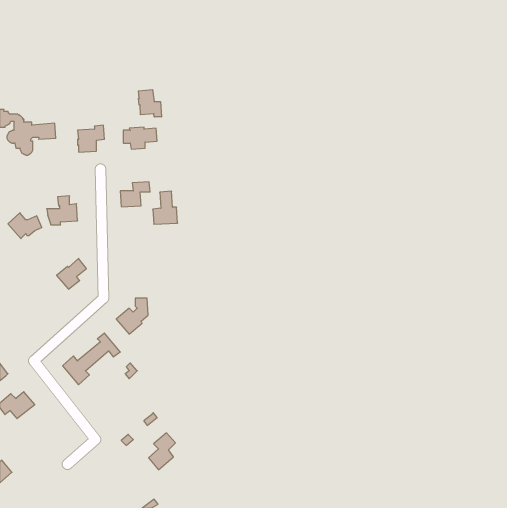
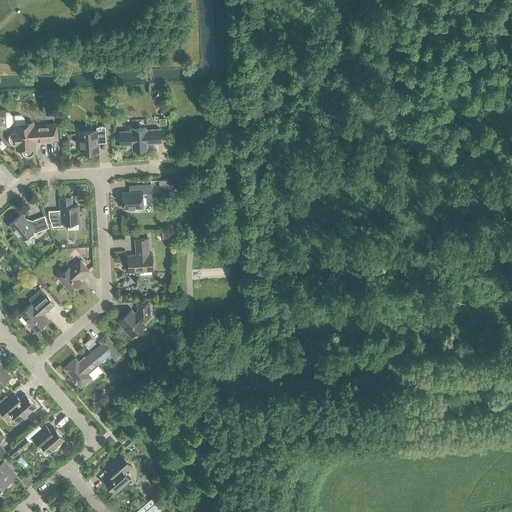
building: [138,90,161,117] -> none
building: [153,191,178,224] -> [127,238,152,271]
building: none -> [18,294,53,331]
building: none -> [31,425,63,452]
building: [149,433,175,470] -> [103,455,130,492]

